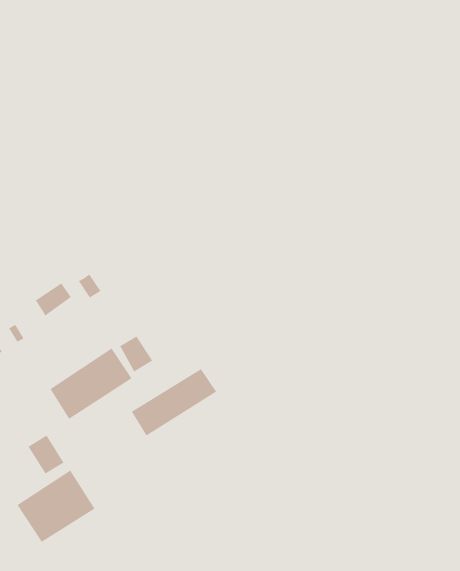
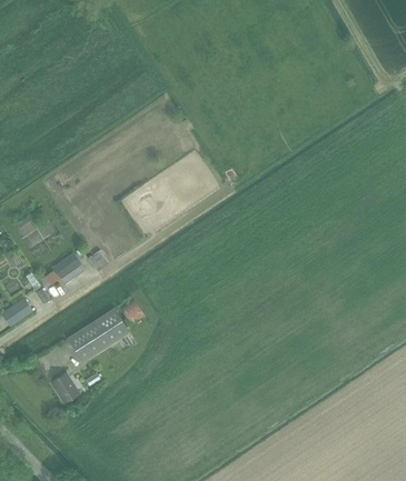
building: [131,368,217,436] -> none
building: [16,469,96,543] -> none

